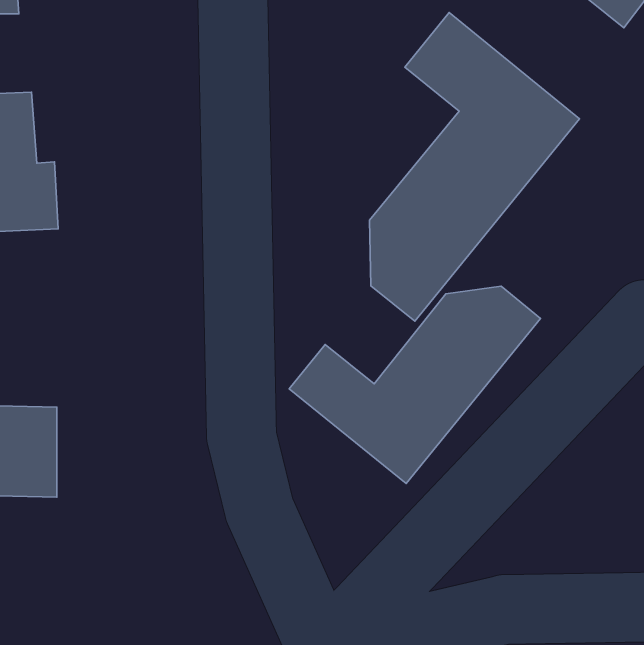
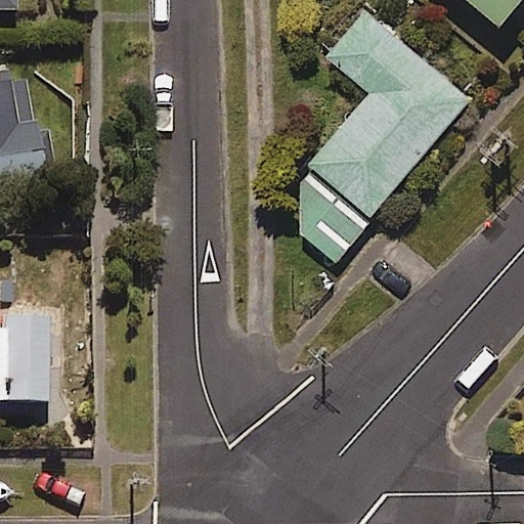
building: [289,286,541,484] -> none

